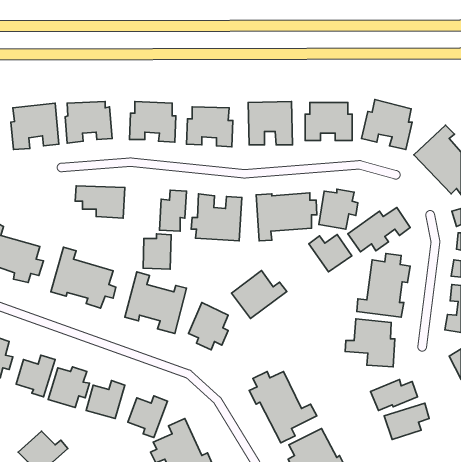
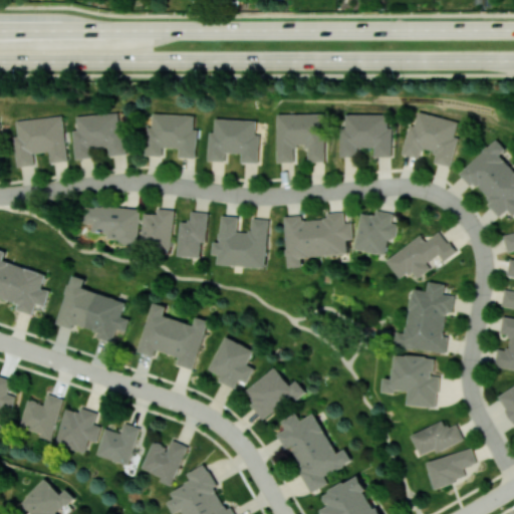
building: [143,234,171,269] -> [141,209,172,248]
building: [309,235,352,272] -> none
building: [231,271,287,319] -> [242,367,303,421]

